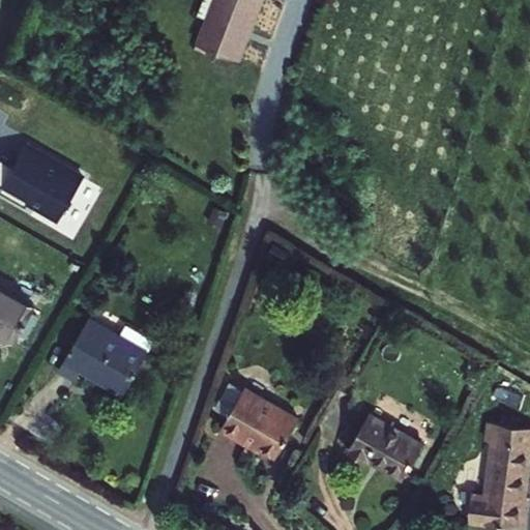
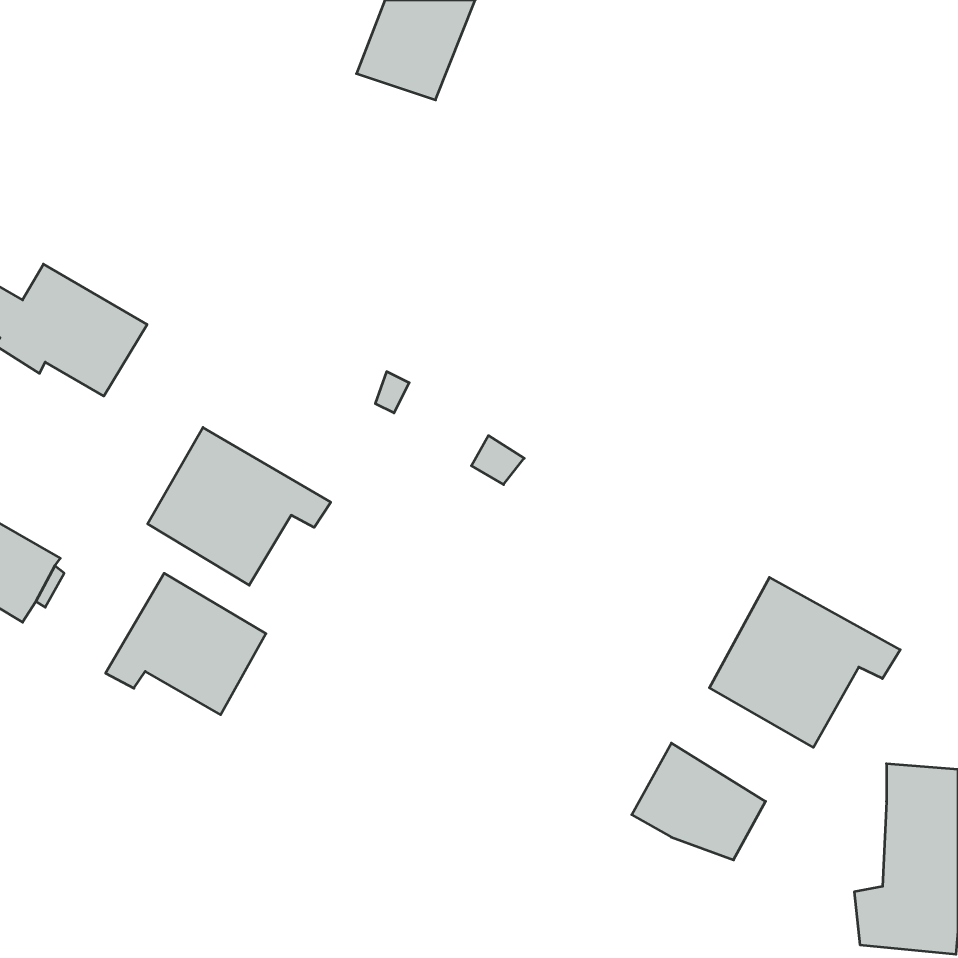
building: none -> [148,427,331,585]
building: none -> [709,577,900,747]
building: [222,387,296,459] -> none

